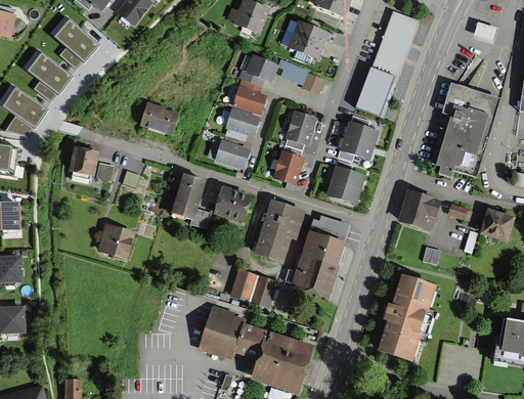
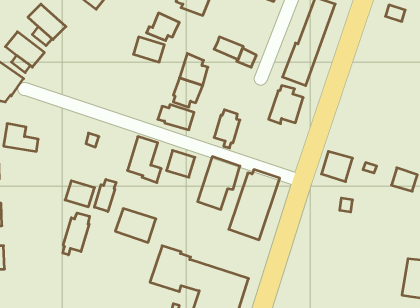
building: [288,20,330,58] -> none
building: [238,53,277,86] -> [146,13,179,41]
building: [432,85,496,176] -> none
building: [140,107,177,137] -> [133,37,164,62]
building: [286,109,317,149] -> none
building: [71,148,112,181] -> [4,124,38,151]
building: [325,160,365,205] -> none
building: none -> [94,179,116,212]
building: none -> [63,213,90,255]
building: [229,268,277,308] -> [115,209,156,242]
building: [379,278,440,365] -> none

